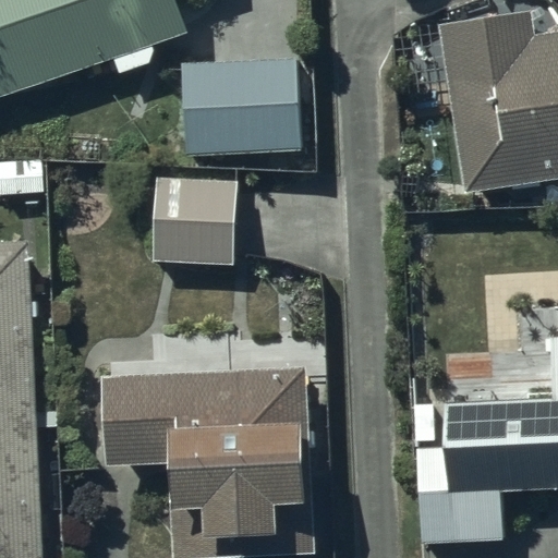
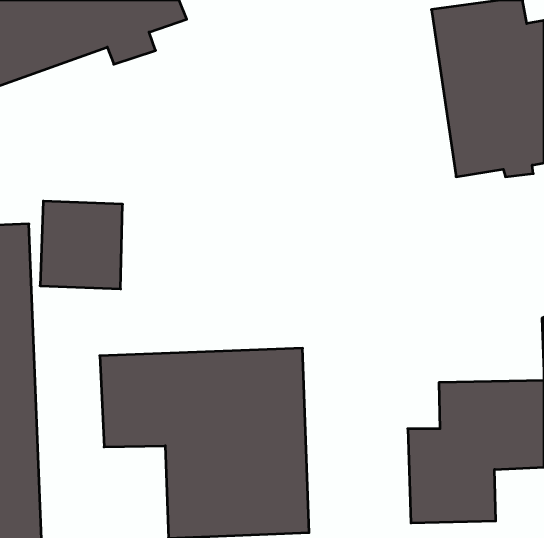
building: [180,59,301,158] -> none
building: [151,177,235,266] -> [40,201,123,289]

